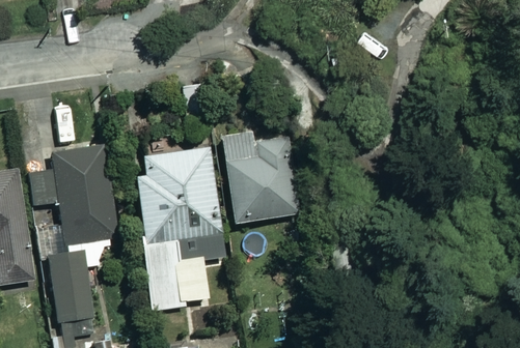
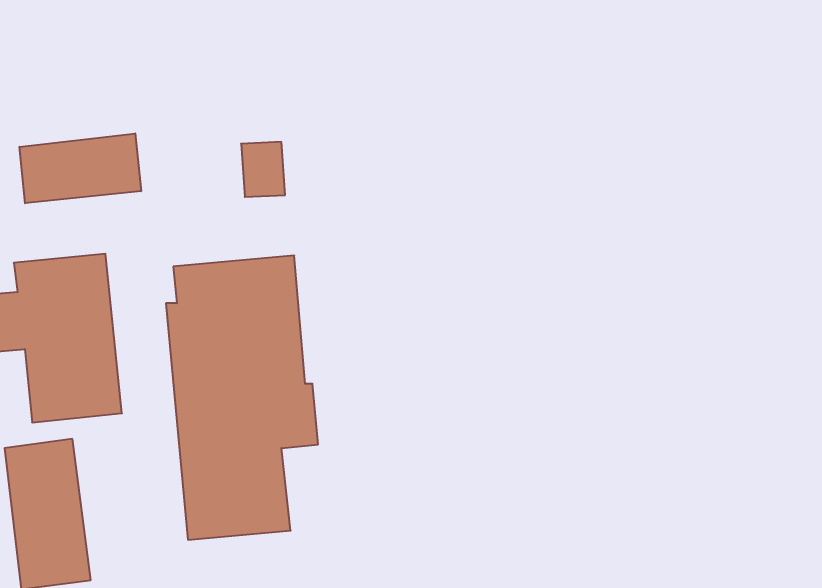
building: none -> [20,133,141,203]
building: [229,137,285,227] -> none

